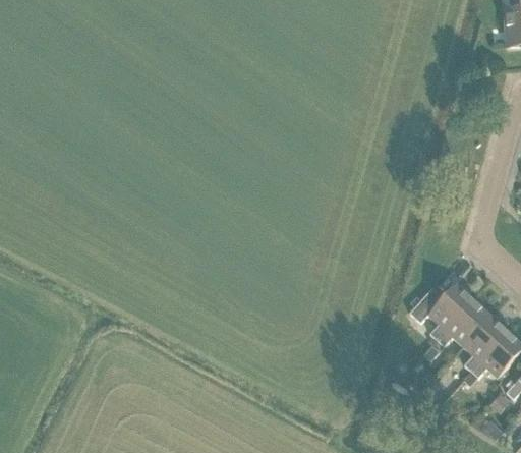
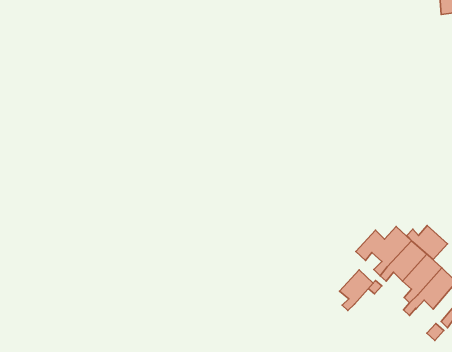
building: none -> [407,225,448,260]
building: none -> [340,270,373,311]

